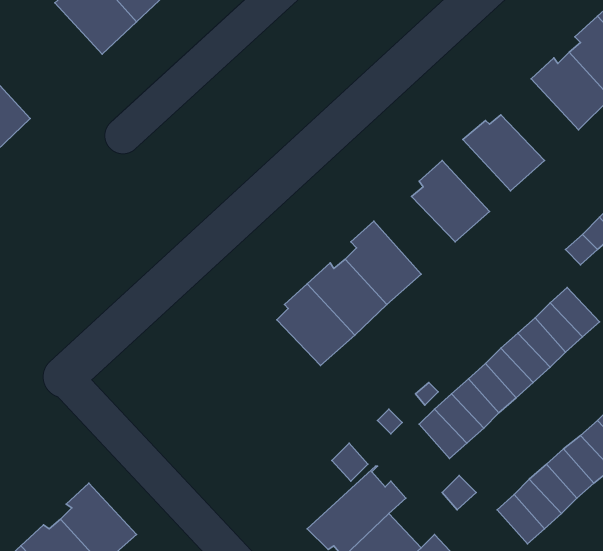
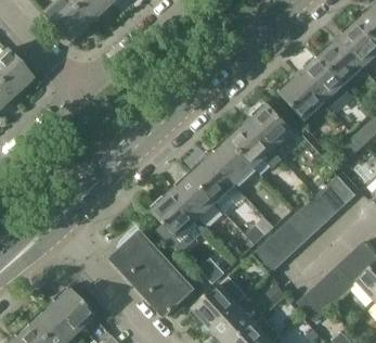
building: none -> [299,55,343,102]
building: none -> [226,123,282,167]
building: none -> [150,193,205,255]
building: none -> [113,232,191,317]

